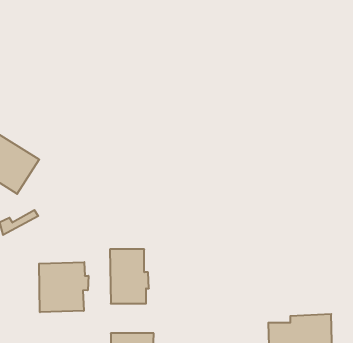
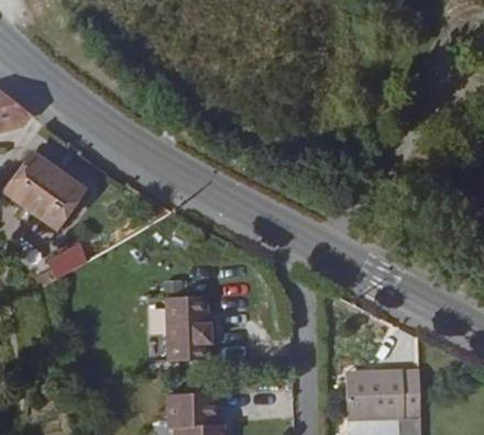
building: [39,262,88,312] -> none

